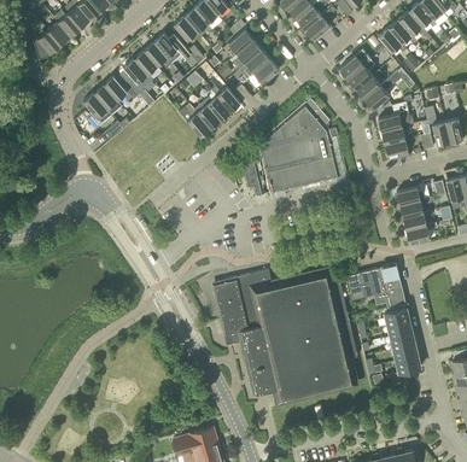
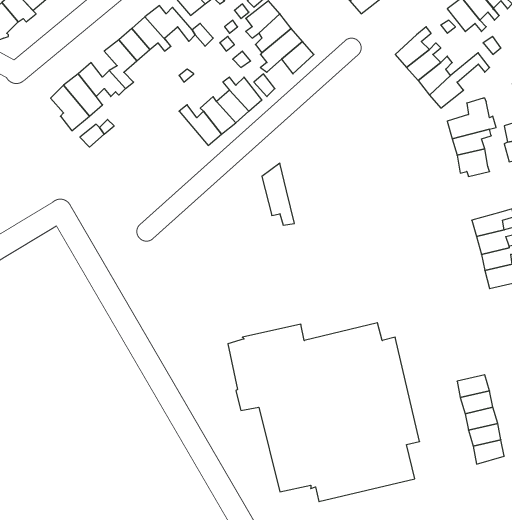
building: [258,98,340,197] -> none
building: [345,264,405,309] -> none

